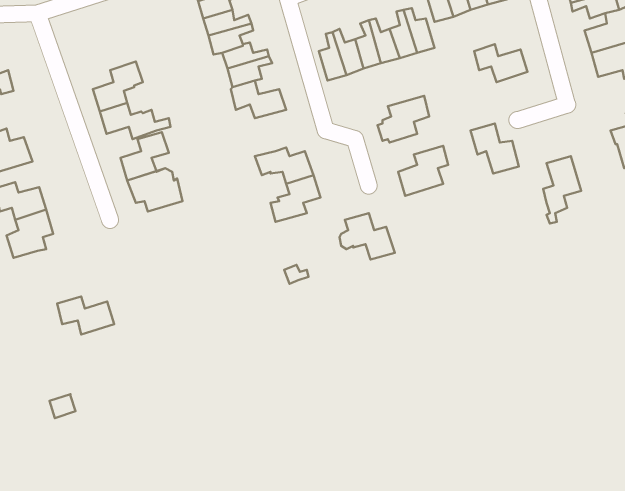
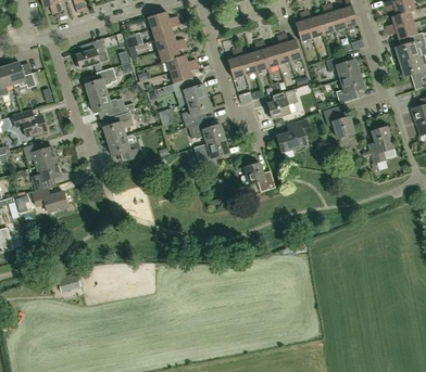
building: none -> [76,38,109,67]
building: none -> [336,73,364,103]
building: none -> [181,97,211,127]
building: [57,296,114,334] -> [33,188,68,211]

